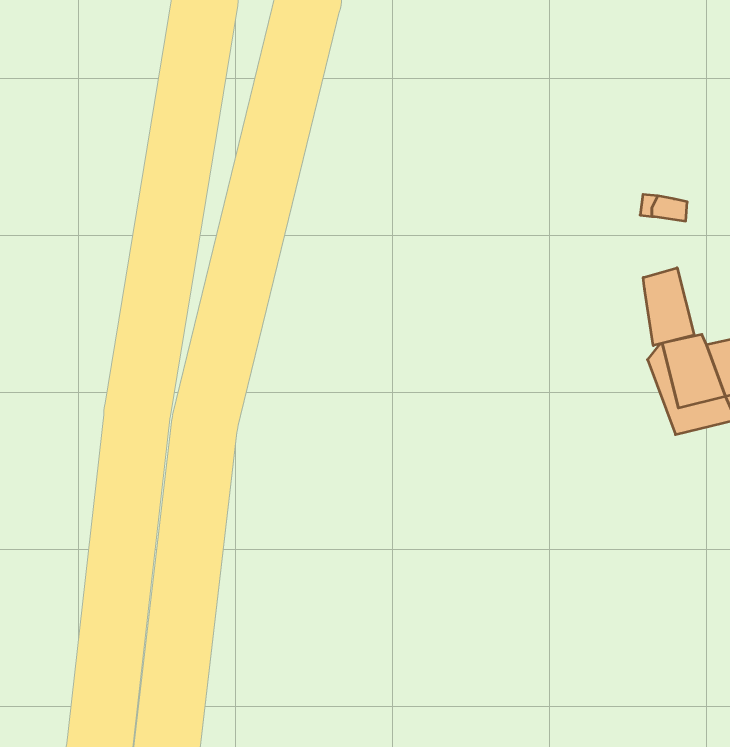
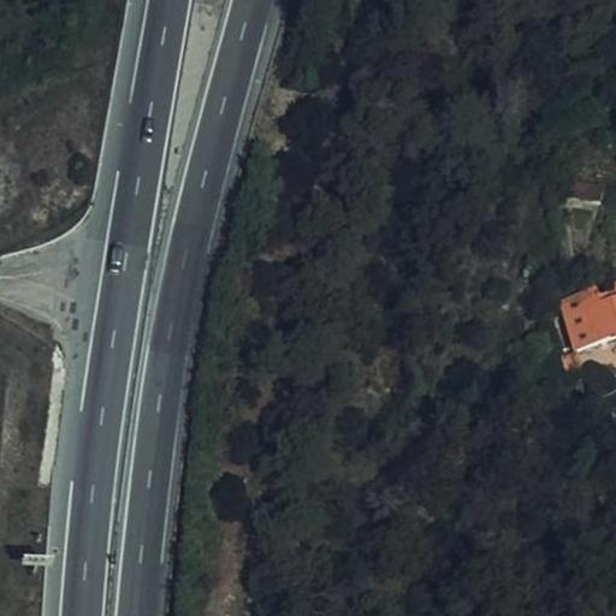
building: [643,268,694,346] -> none

